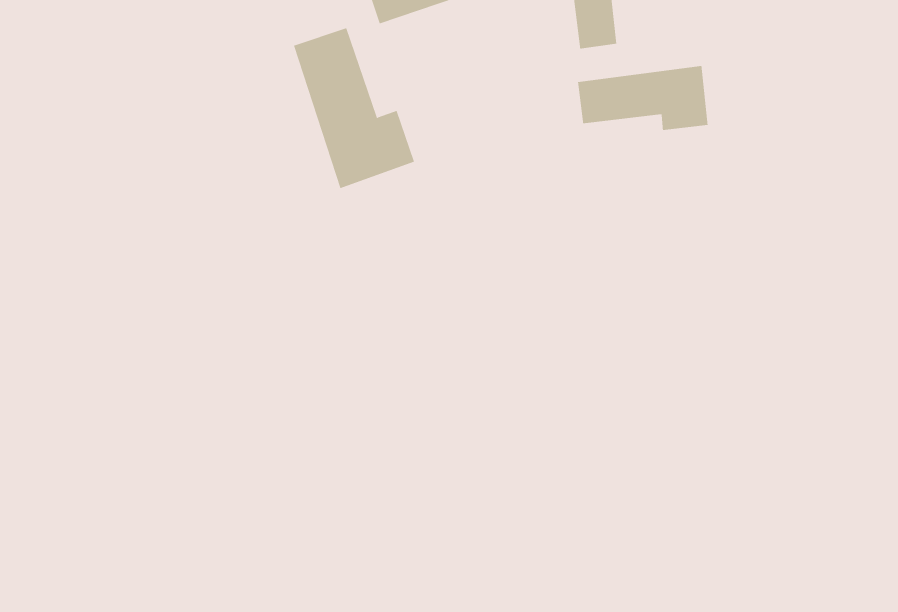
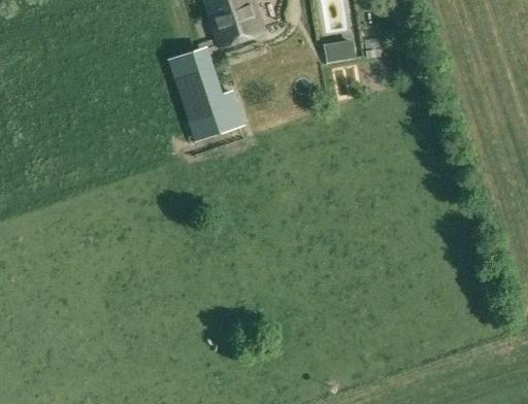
building: [577,65,708,131] -> none

